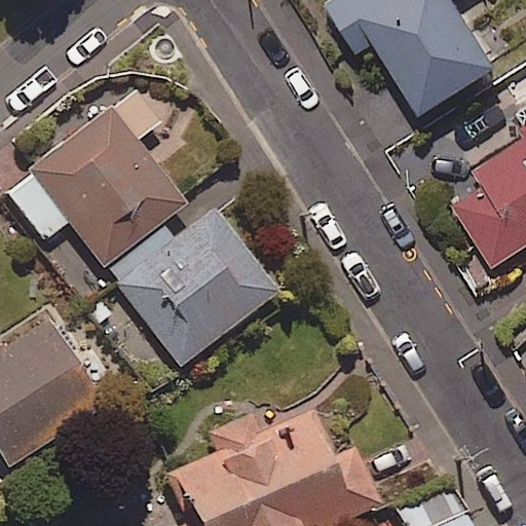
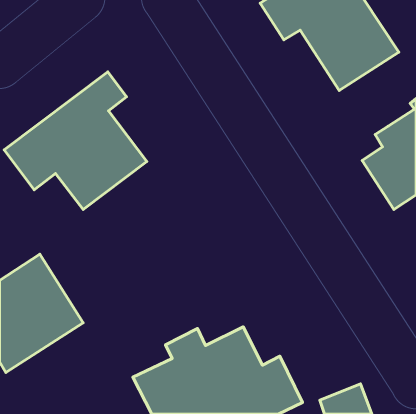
building: [109,209,278,368] -> none

